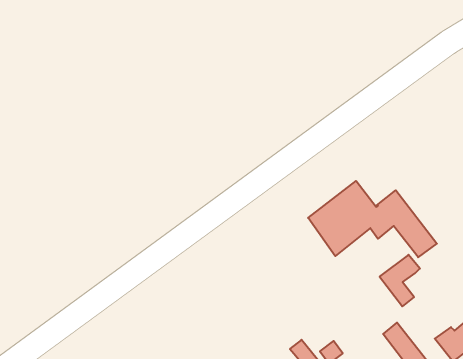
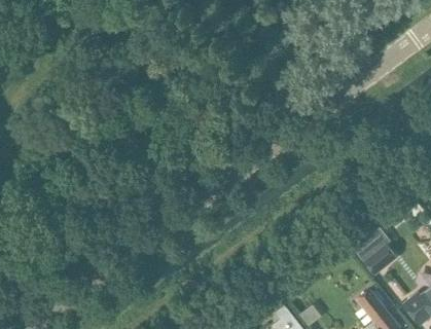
building: [308,181,437,257] -> none

